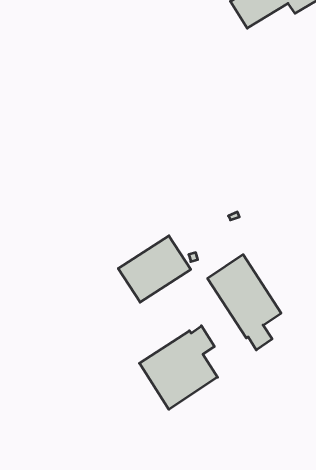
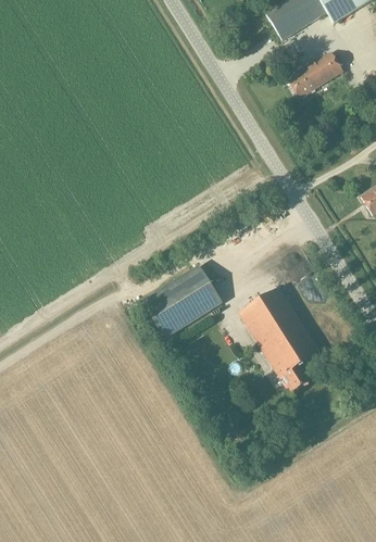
building: none -> [288,52,342,98]
building: [139,326,218,409] -> none

